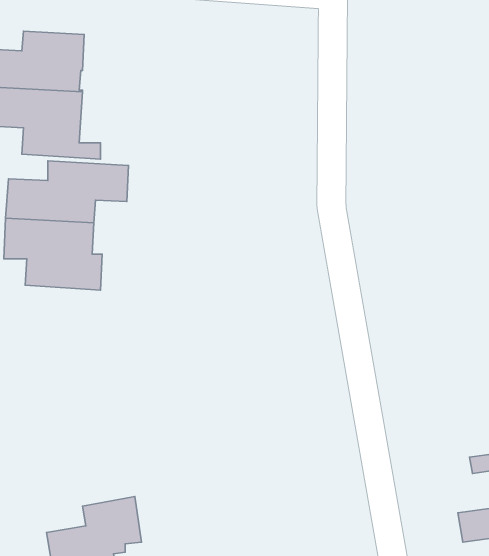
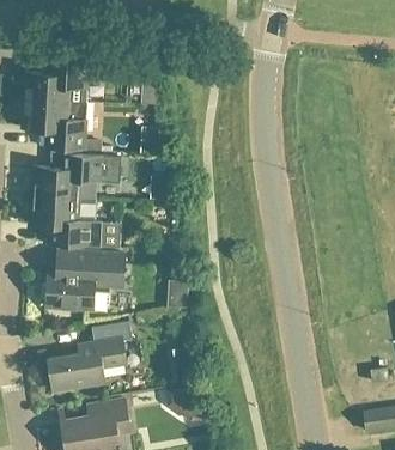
building: none -> [45,249,124,310]
building: none -> [48,321,132,391]

